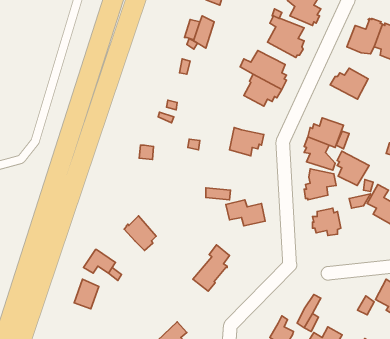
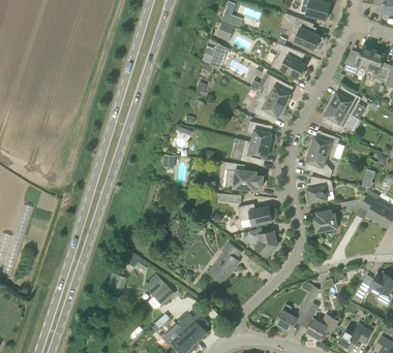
building: none -> [248,120,273,146]
building: [337,151,369,186] -> [325,102,353,132]
building: none -> [225,168,264,190]
building: [124,216,156,250] -> [145,274,173,303]
building: none -> [250,227,280,257]

